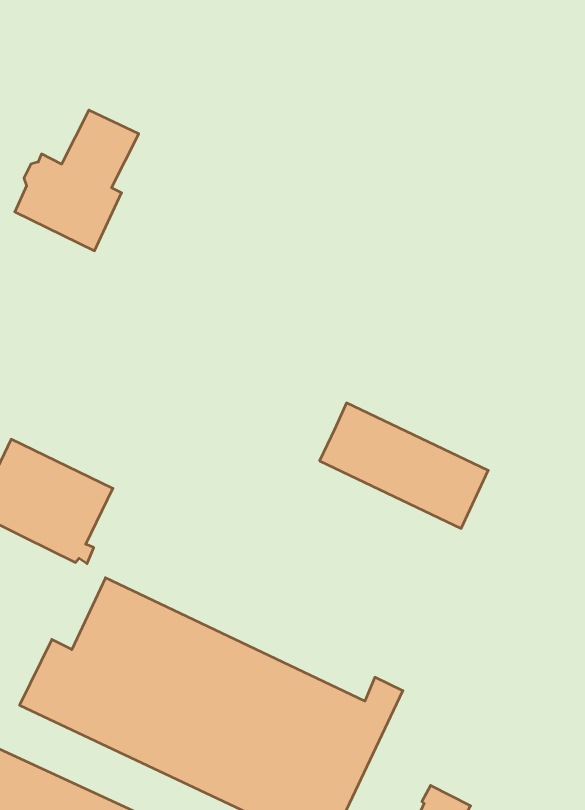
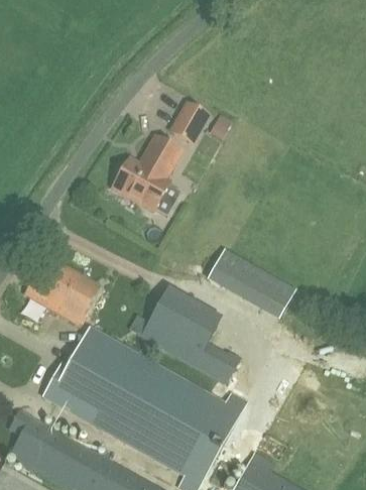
building: [15,110,139,251] -> [113,137,180,211]
building: none -> [170,103,208,143]
building: none -> [140,285,241,385]

